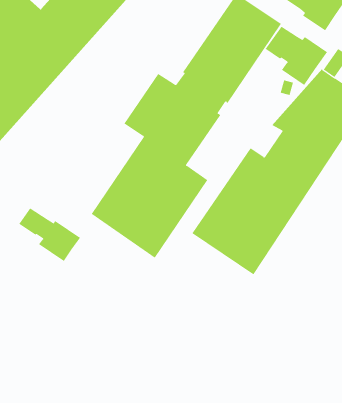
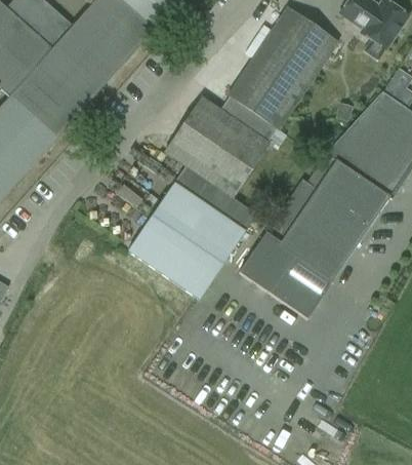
building: [265,26,328,86] -> none
building: [18,207,81,262] -> none

